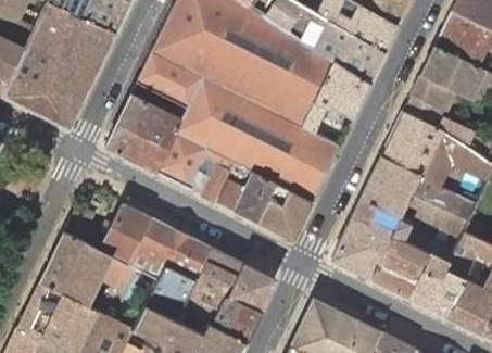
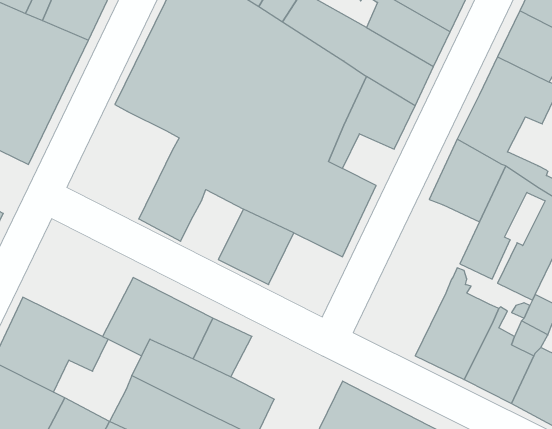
building: [105,83,186,172] -> none
building: [187,149,236,203] -> none
building: [331,156,419,278] -> none
building: [255,182,313,241] -> none
building: [64,204,150,263] -> none
building: [226,263,275,312] -> none

